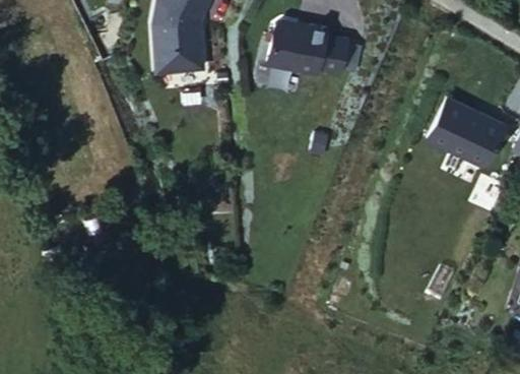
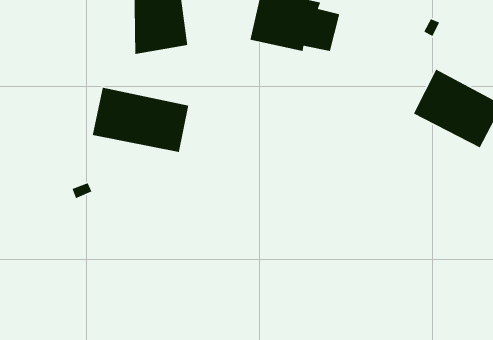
building: none -> [92,87,189,153]

